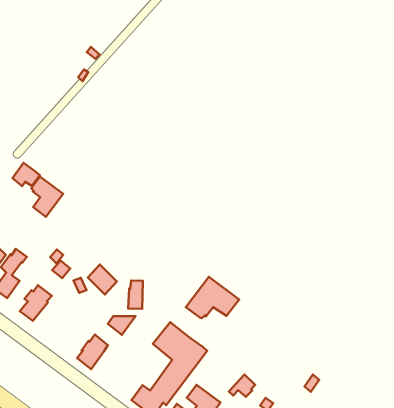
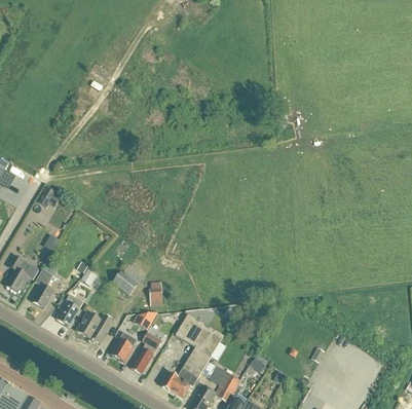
building: [31,176,63,217] -> none
building: [186,277,239,318] -> none
building: none -> [75,310,112,341]
building: none -> [130,333,160,374]

